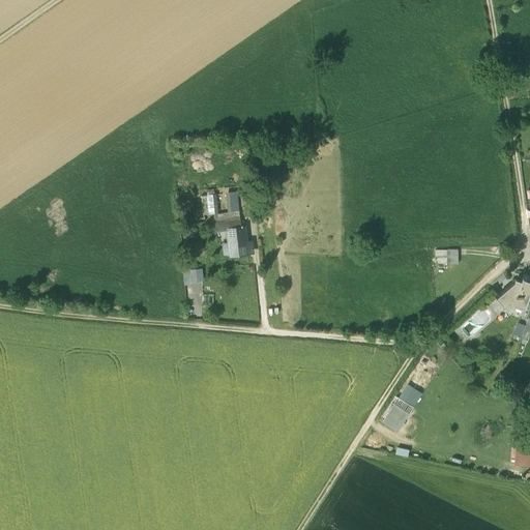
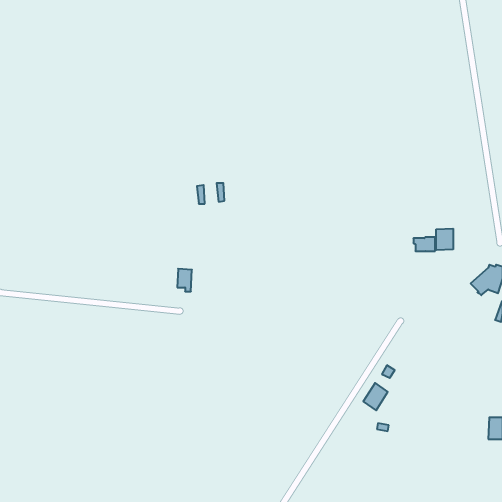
building: [215,219,253,257] -> none
building: none -> [436,229,453,250]

